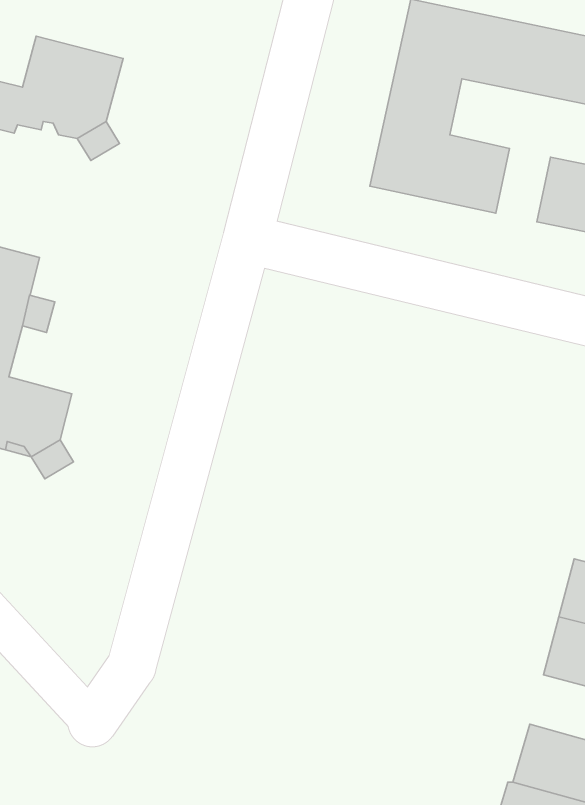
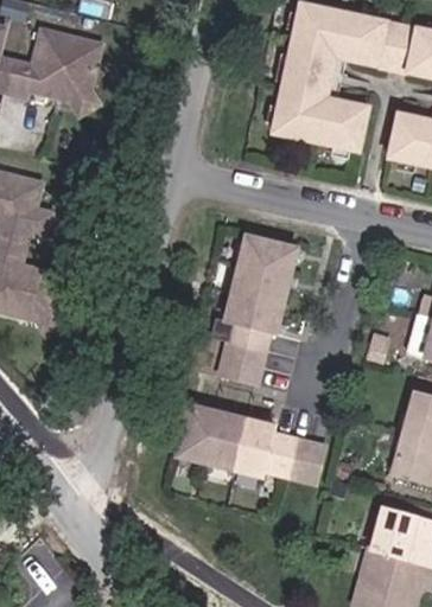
building: none -> [220,235,298,384]
building: none -> [176,403,325,484]

